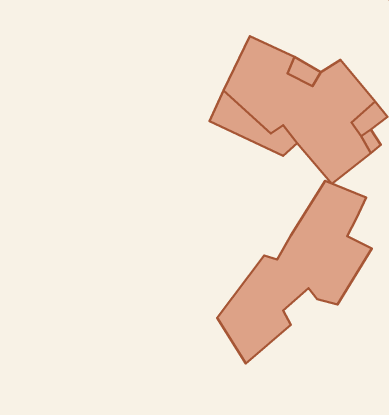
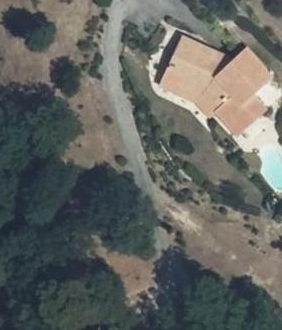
building: [217,181,372,363] -> none

